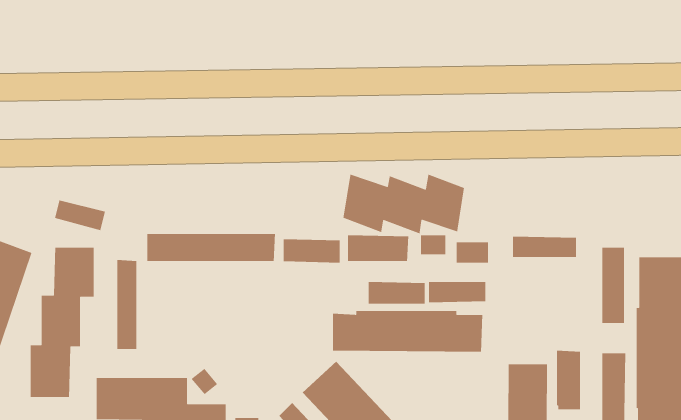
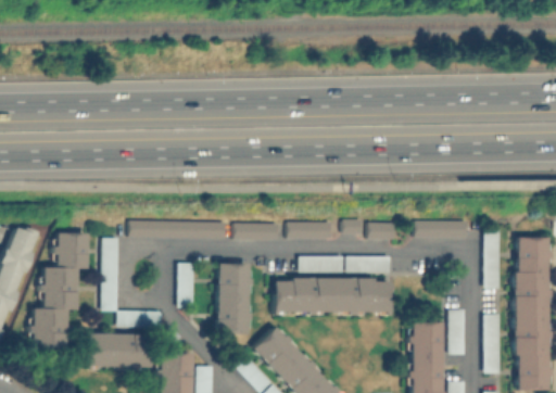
building: [343,174,465,235] -> none
building: [54,199,106,231] -> none
building: none -> [210,263,249,333]
building: none -> [178,264,197,310]
building: none -> [115,312,161,327]

